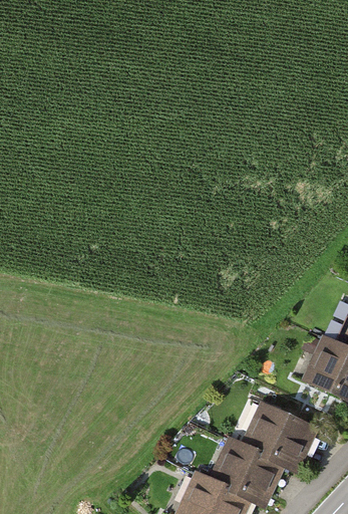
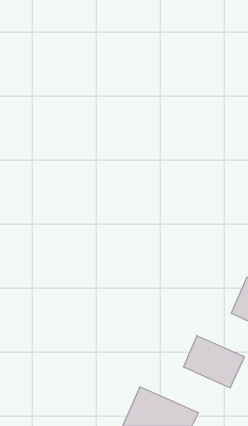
building: [214,437,287,500] -> none

